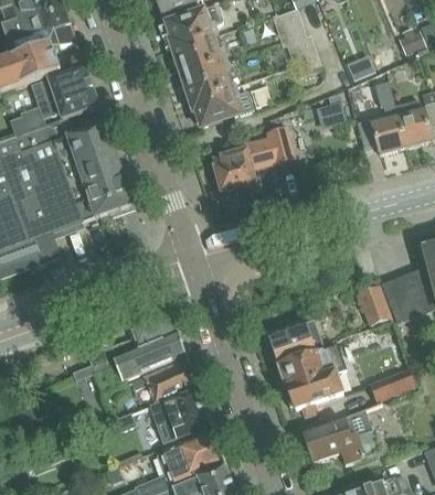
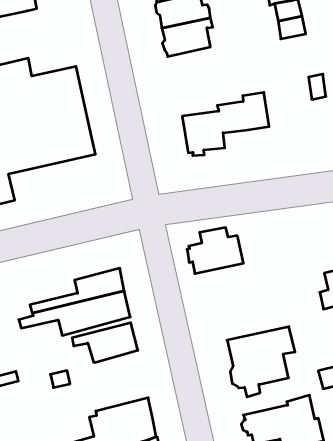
building: [31,66,98,119] -> none
building: [190,86,252,127] -> none
building: [267,313,322,361] -> [187,228,243,274]
building: [148,386,210,443] -> none

